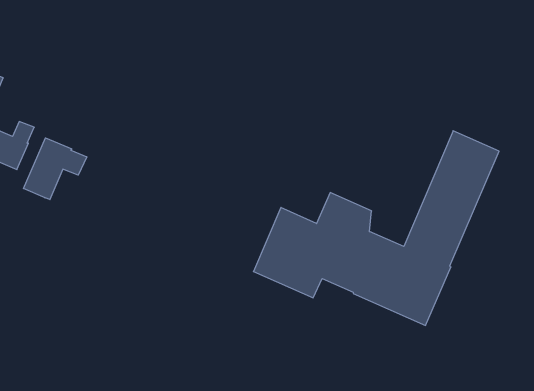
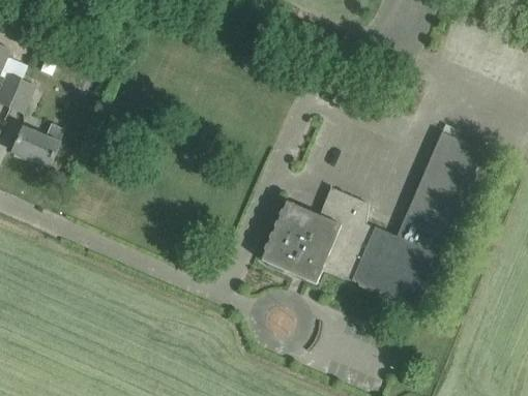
building: [24,138,87,200] -> none

